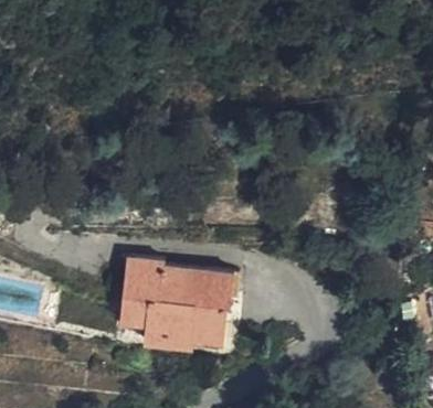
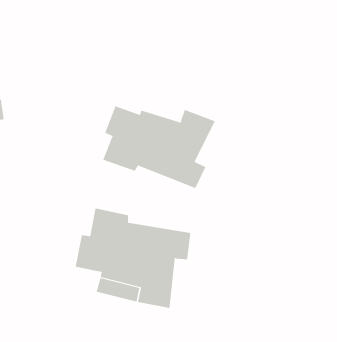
building: none -> [103,105,215,189]

